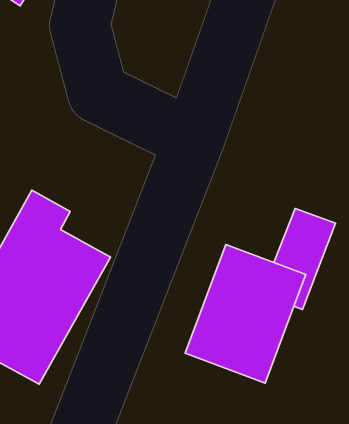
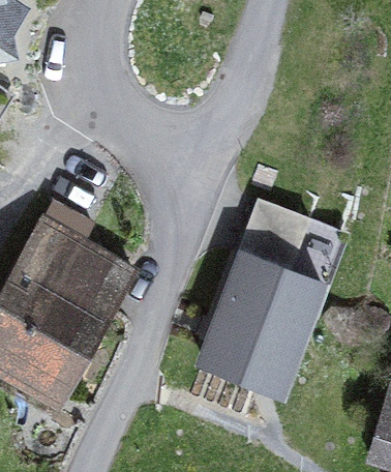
building: none -> [232,201,306,276]

